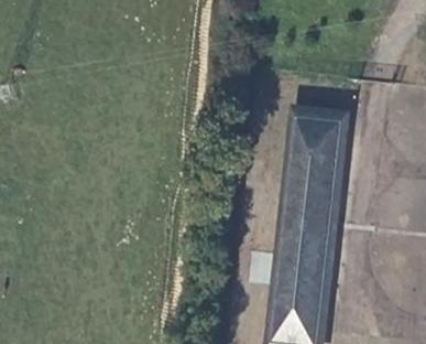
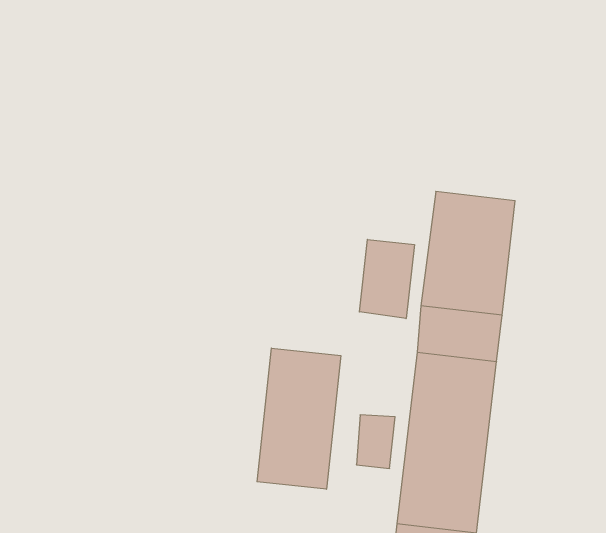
building: none -> [359,239,414,319]
building: none -> [257,348,341,489]

